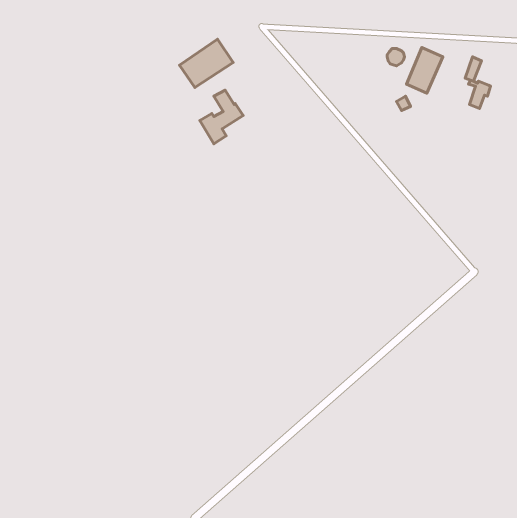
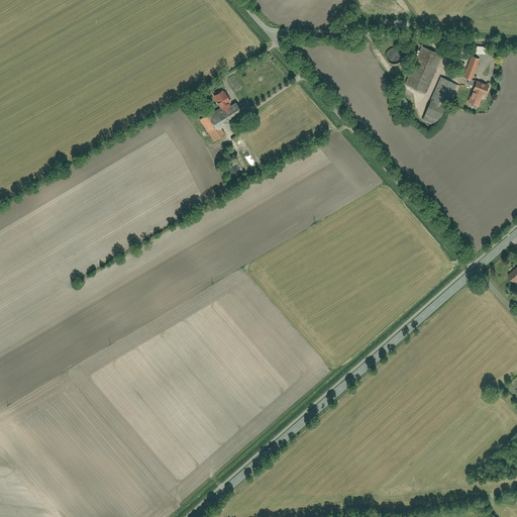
building: [179,39,233,87] -> none
building: none -> [422,78,454,127]

